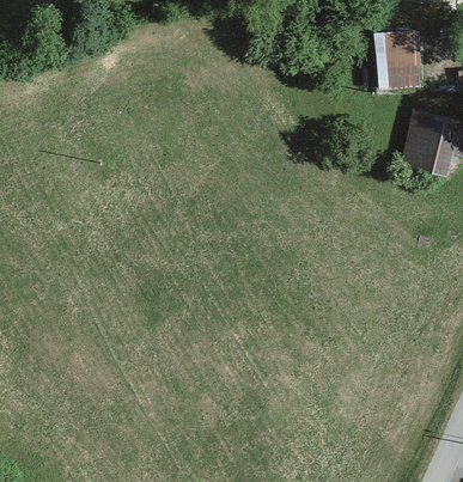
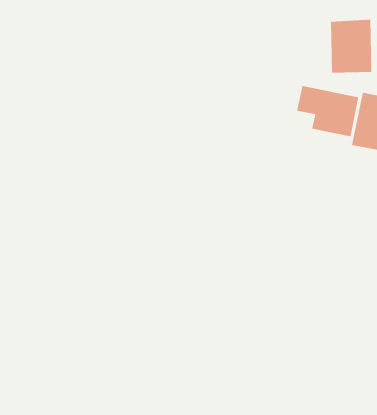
building: none -> [297,85,359,137]

